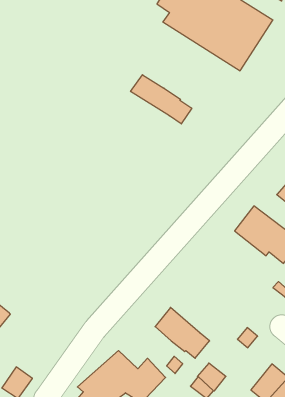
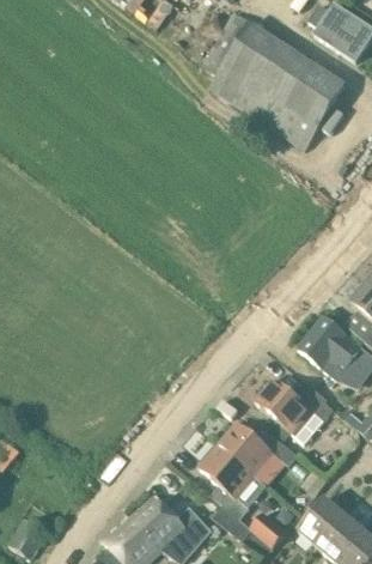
building: [131,75,192,124] -> none
building: none -> [255,377,334,443]
building: none -> [218,420,298,475]
building: none -> [298,497,344,546]

